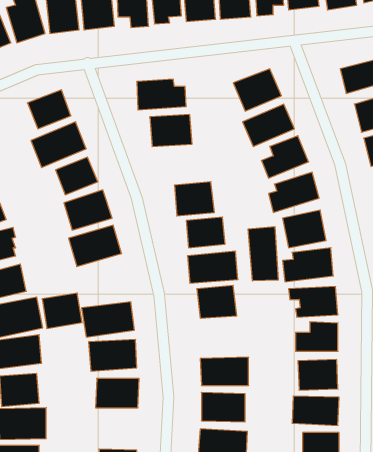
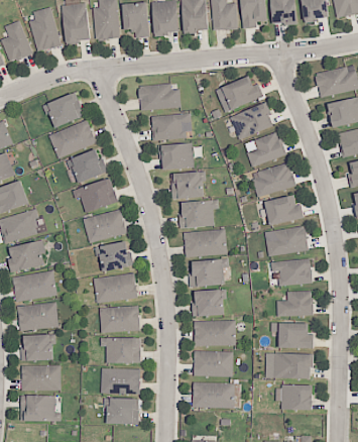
building: none -> [161,142,196,169]
building: [248,227,278,281] -> none
building: [42,293,82,328] -> [100,241,134,271]
building: none -> [197,290,227,316]
building: none -> [101,368,141,394]

